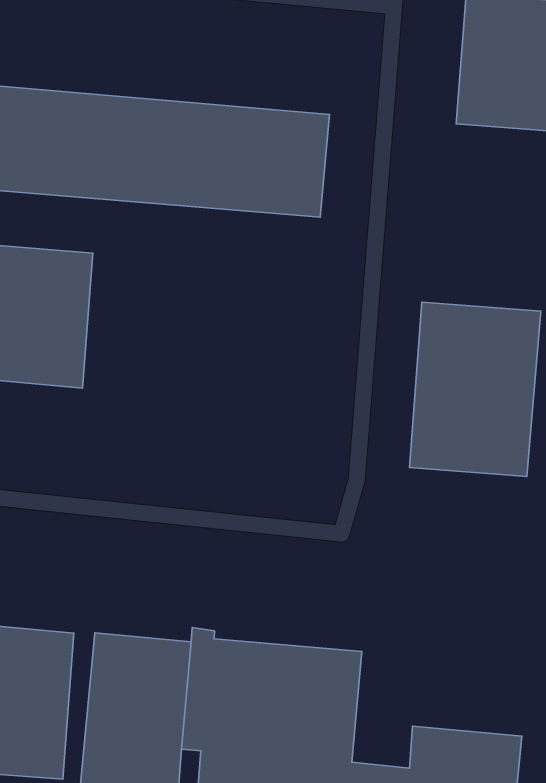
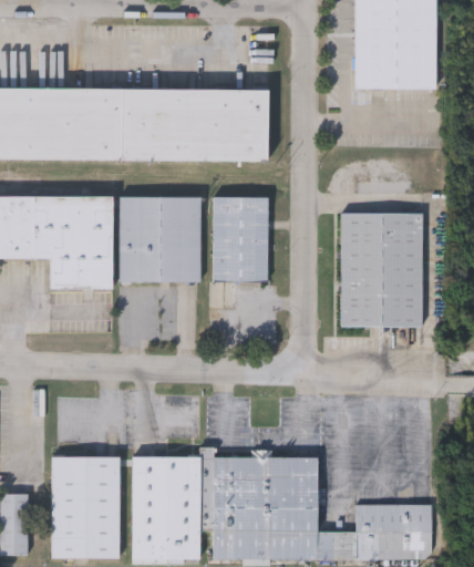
building: none -> [118,197,200,284]
building: none -> [213,197,267,281]

